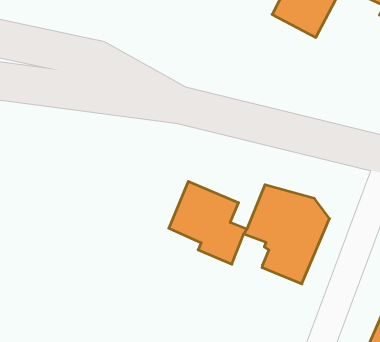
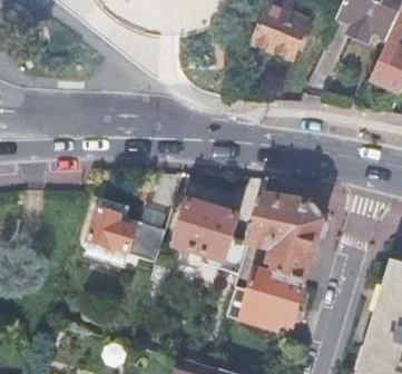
building: none -> [88,197,165,259]
building: none -> [226,267,304,327]

